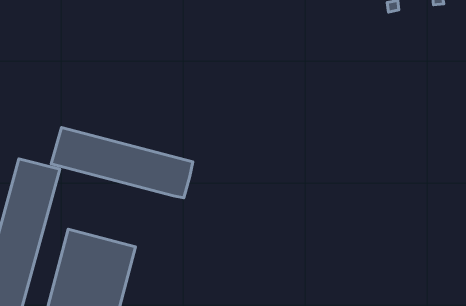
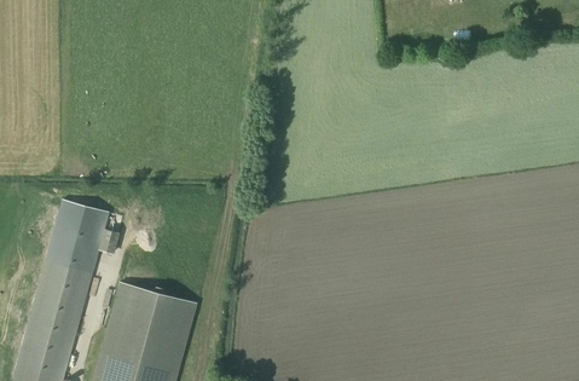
building: [51,127,193,198] -> none

